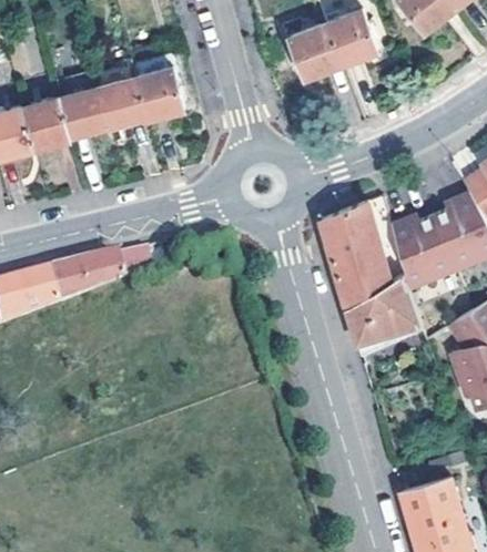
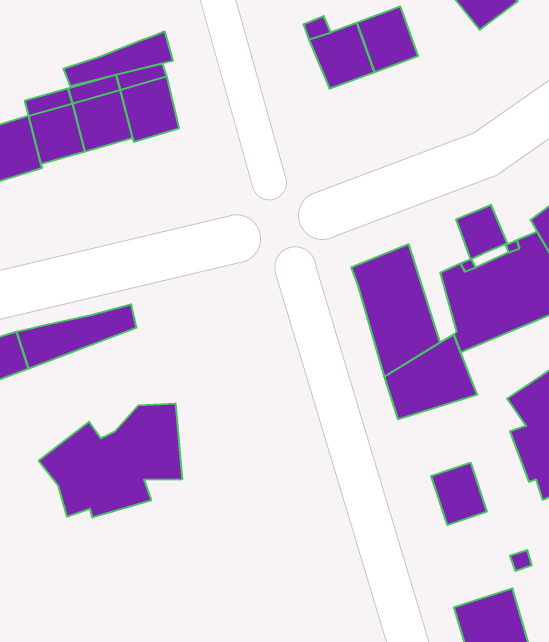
building: none -> [63,31,173,86]
building: none -> [456,205,507,260]
building: none -> [39,403,182,518]
building: none -> [431,463,487,525]

